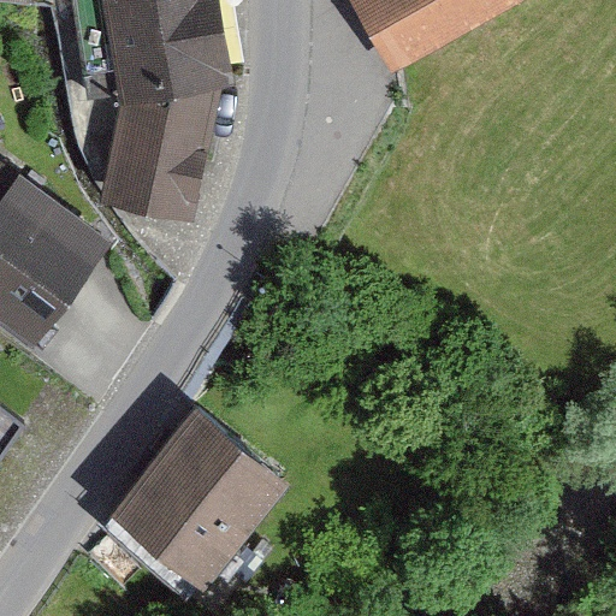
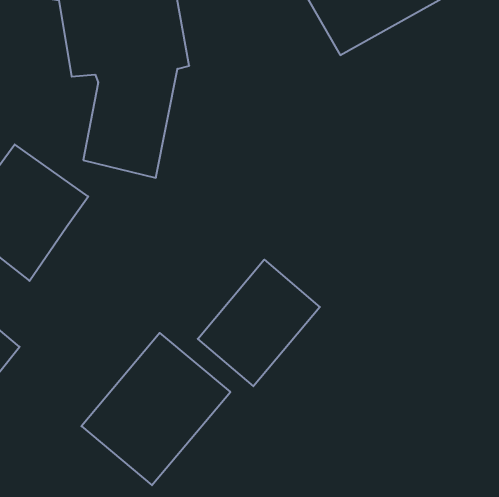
building: none -> [198,260,320,386]

